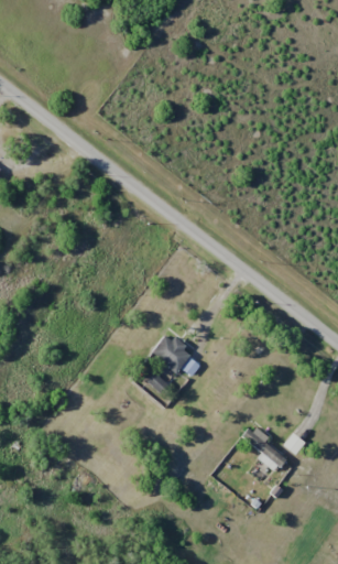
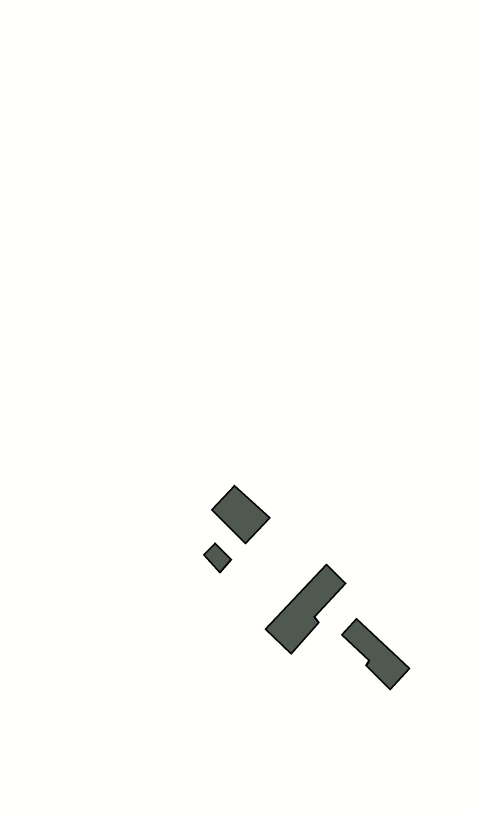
building: none -> [266,565,346,654]

